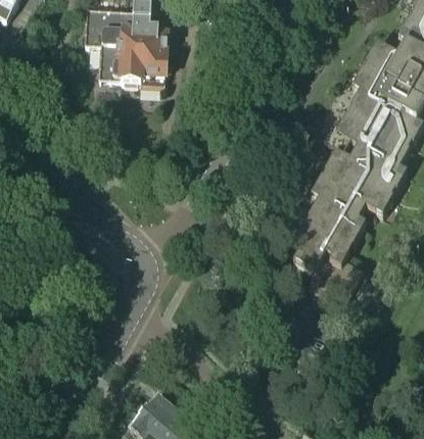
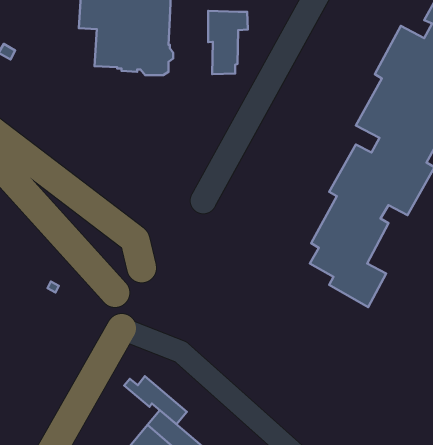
building: none -> [208,11,248,74]
building: none -> [124,376,187,424]

